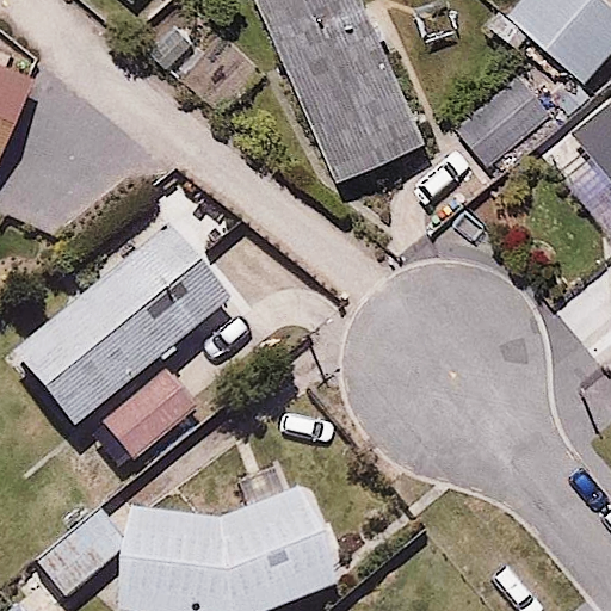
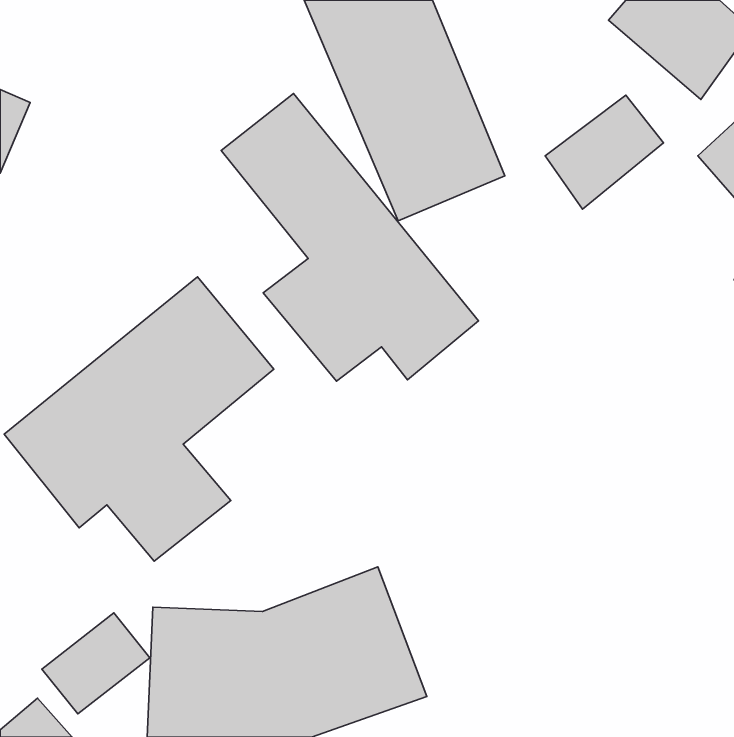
building: none -> [221,93,478,381]

